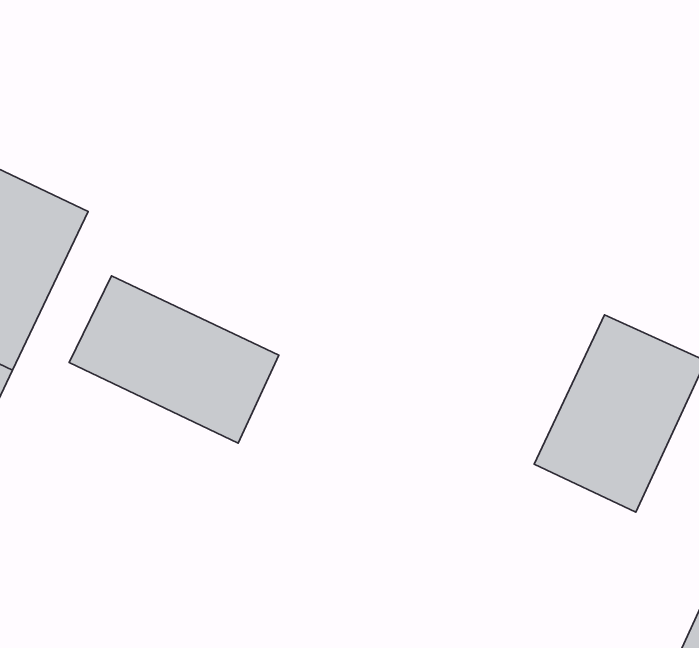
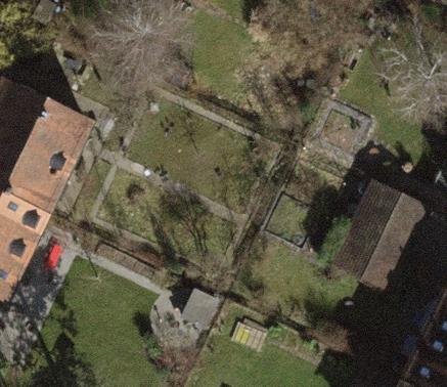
building: [69,276,279,443] -> none

